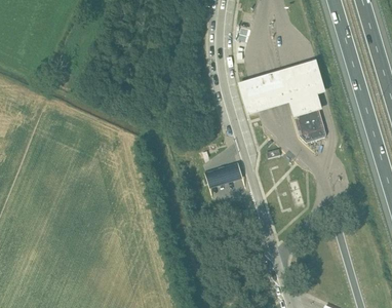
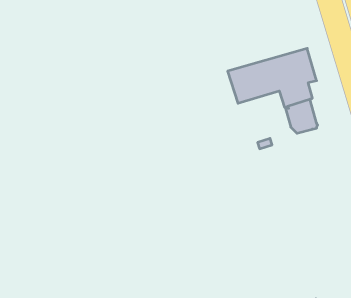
building: [205,163,242,188] -> none

